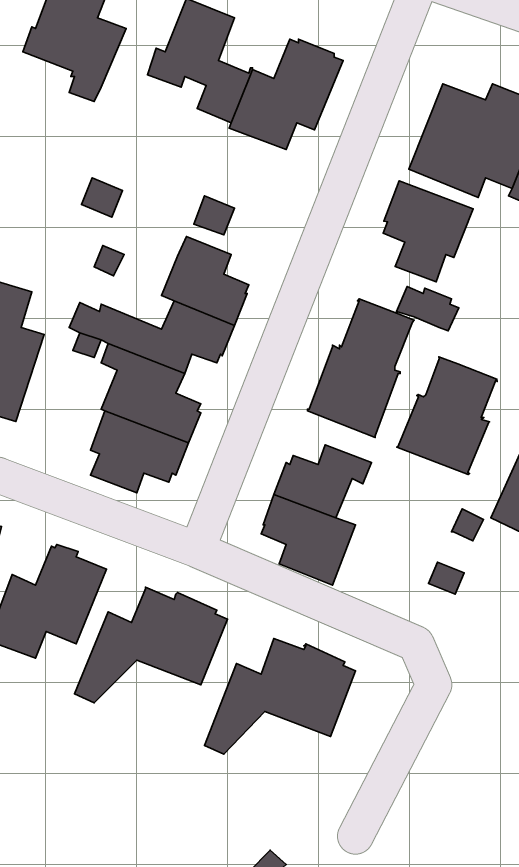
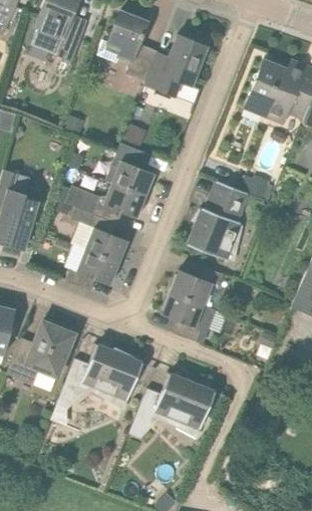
building: [383,181,473,282] -> none
building: [397,357,497,475] -> none

